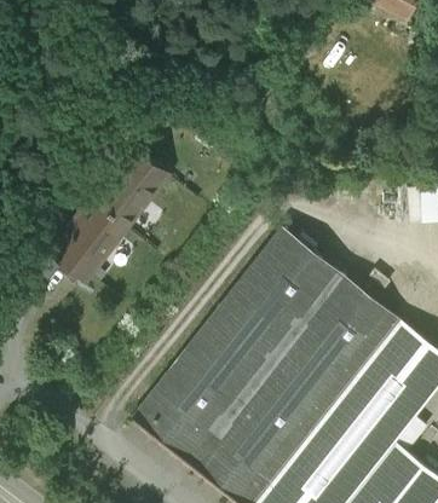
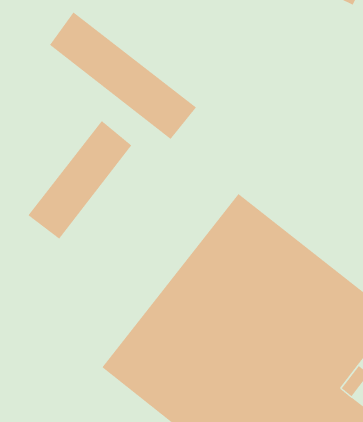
building: none -> [49,11,197,140]

